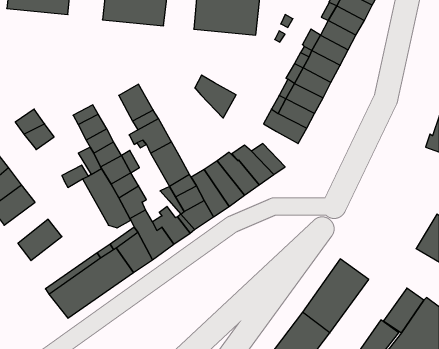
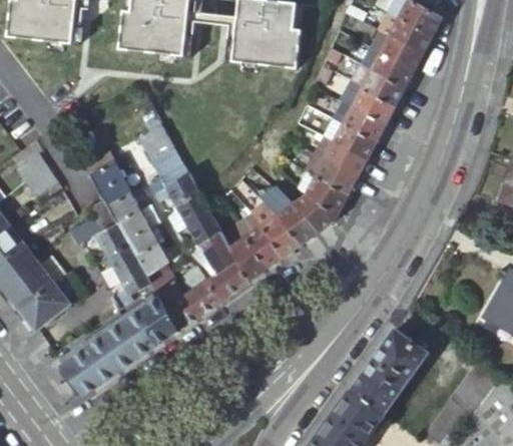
building: [195,75,236,118] -> [299,172,347,222]
building: none -> [5,264,56,312]

